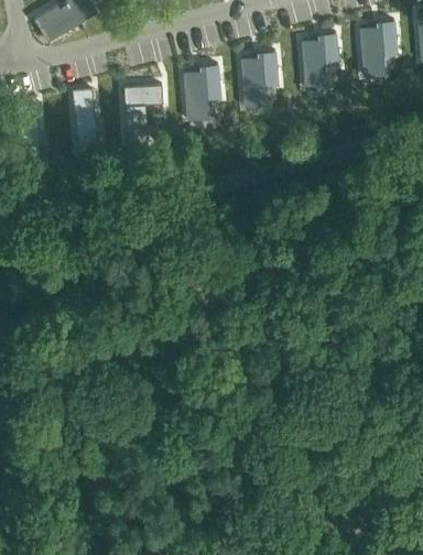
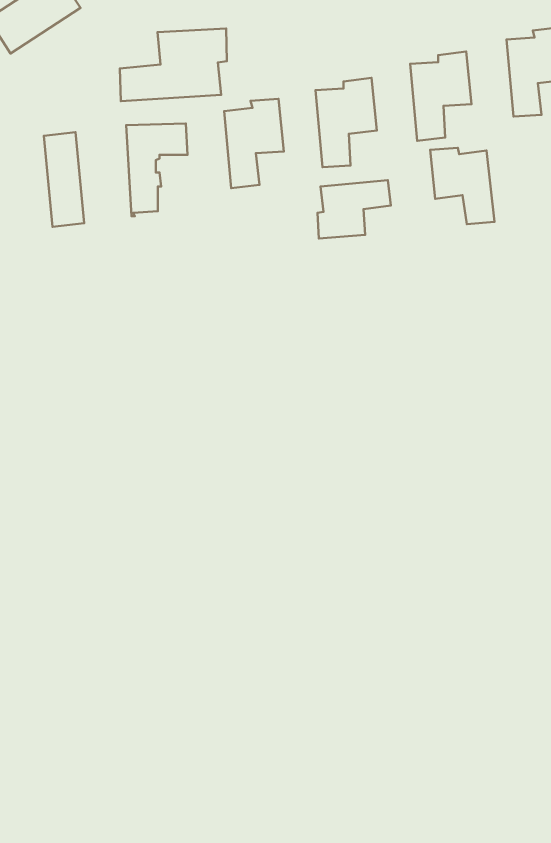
building: none -> [120,28,227,101]
building: none -> [430,148,494,224]
building: none -> [317,180,391,238]

